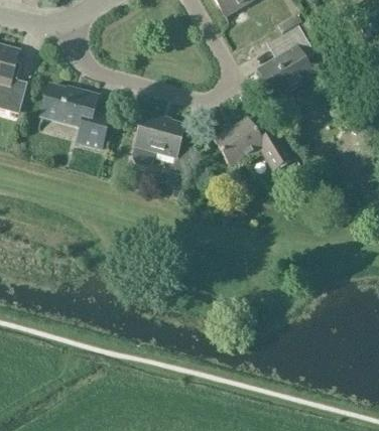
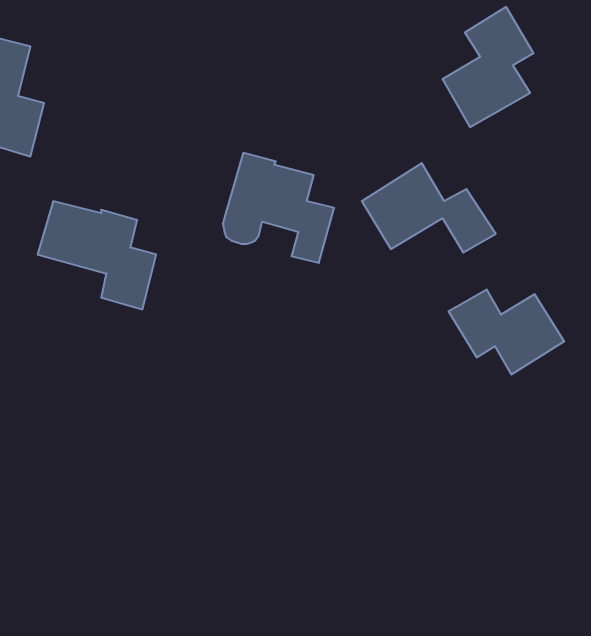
building: [40,83,110,146] -> [38,201,156,309]
building: none -> [449,289,564,375]

